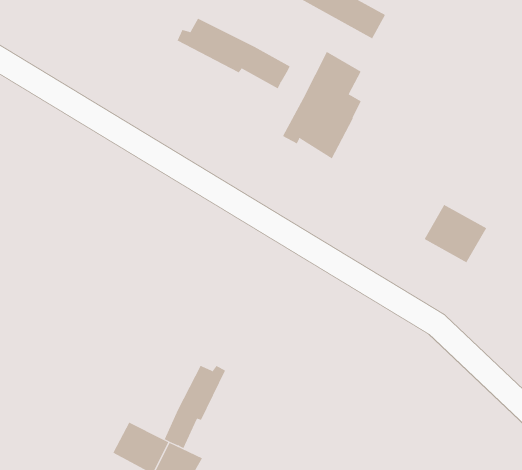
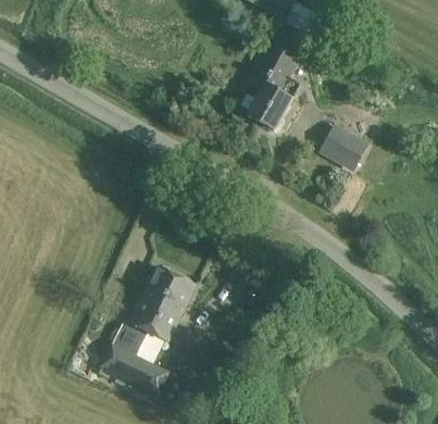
building: [177,18,290,89] -> none
building: [424,204,487,263] -> [318,124,370,172]
building: none -> [128,265,196,333]

